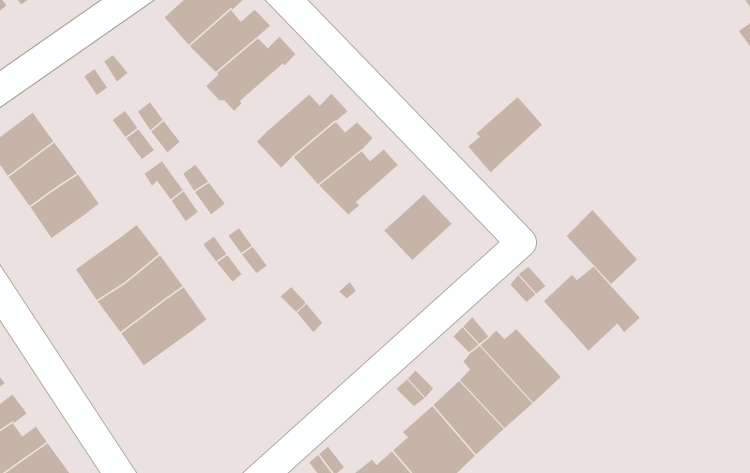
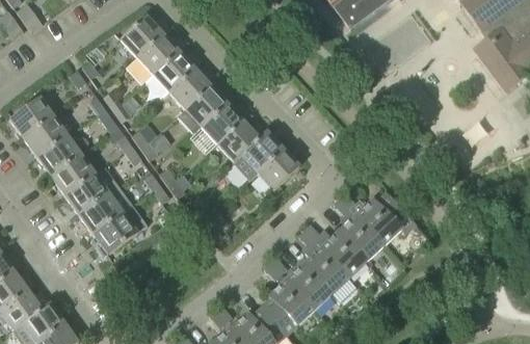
building: none -> [166,68,217,108]
building: [467,96,543,173] -> [233,130,280,178]
building: none -> [49,154,92,194]
building: [566,209,638,285] -> [337,214,381,261]

